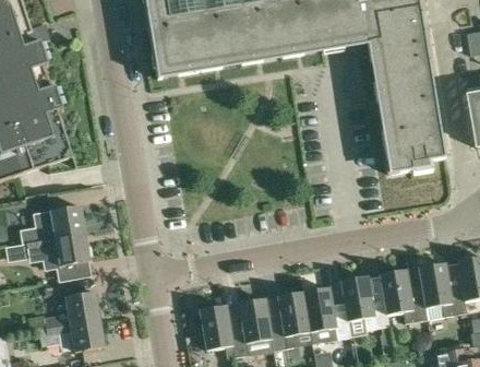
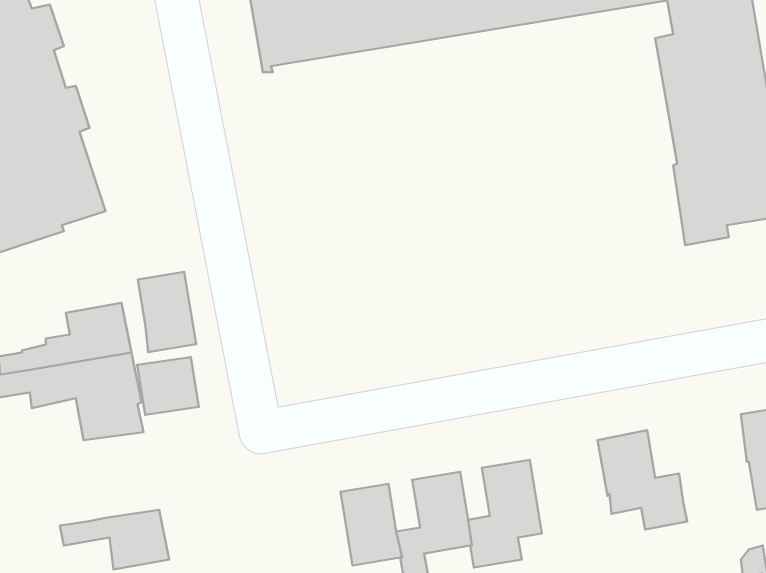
building: none -> [138,272,196,352]
building: [379,268,427,322] -> none
building: [302,285,350,338] -> none
building: [65,291,99,322] -> [137,357,199,415]

